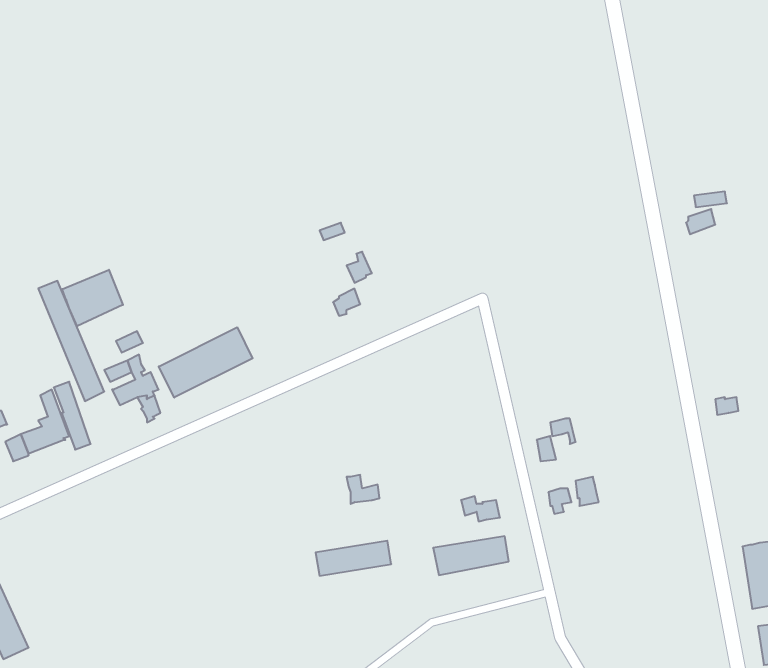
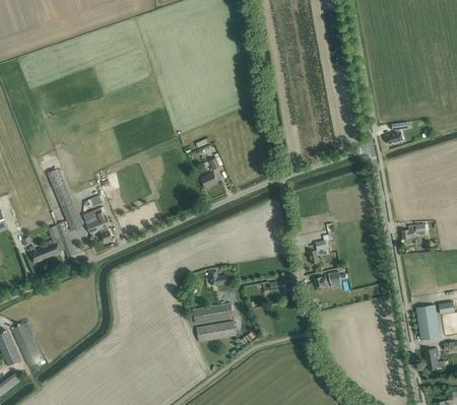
building: [62,270,123,326] -> none
building: [159,327,253,398] -> none
building: [433,536,509,575] -> [196,322,236,342]

